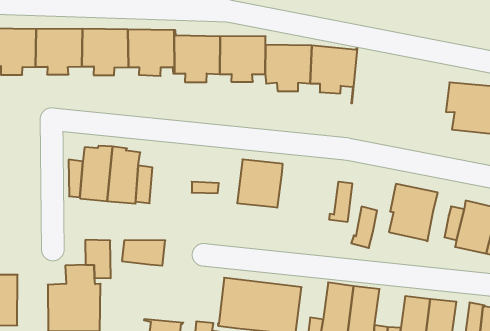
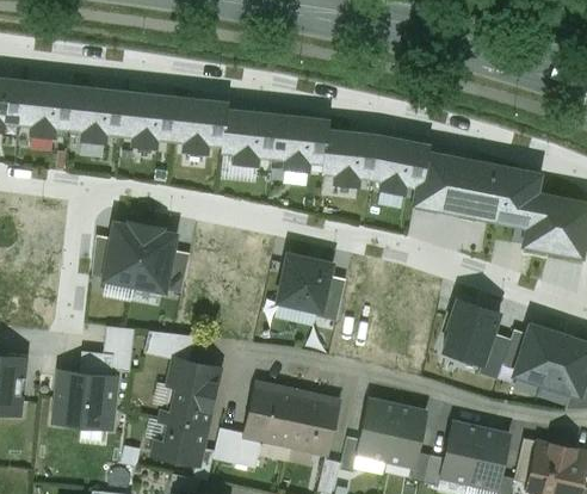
building: none -> [416,143,530,223]
building: [329,182,352,222] -> [316,274,346,320]
building: [351,207,377,248] -> [478,332,511,378]
building: none -> [162,359,218,427]

